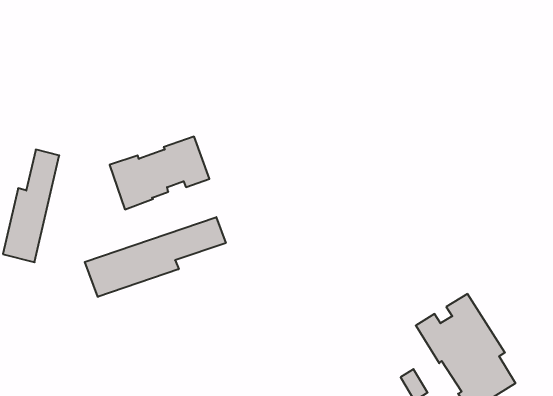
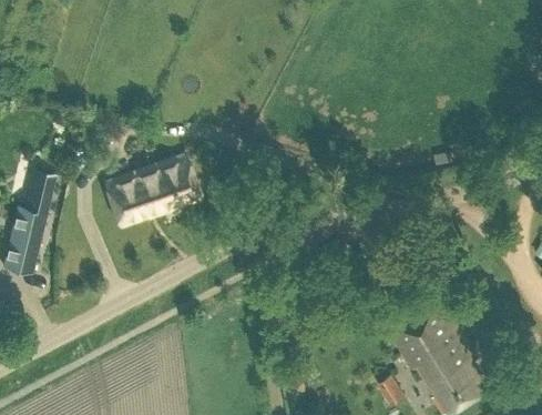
building: [85,217,226,297] -> none

